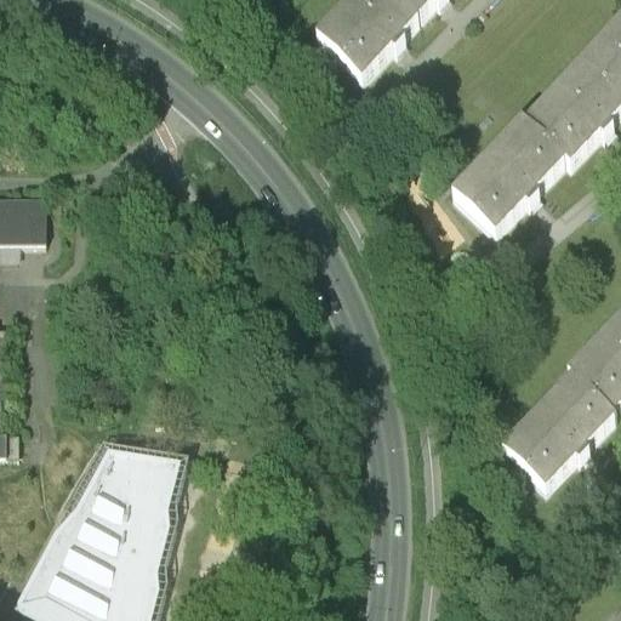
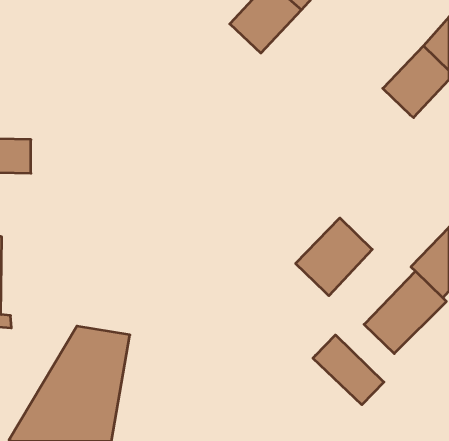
building: [450,116,563,232] -> none
building: none -> [296,218,372,296]
building: none -> [313,335,384,405]

